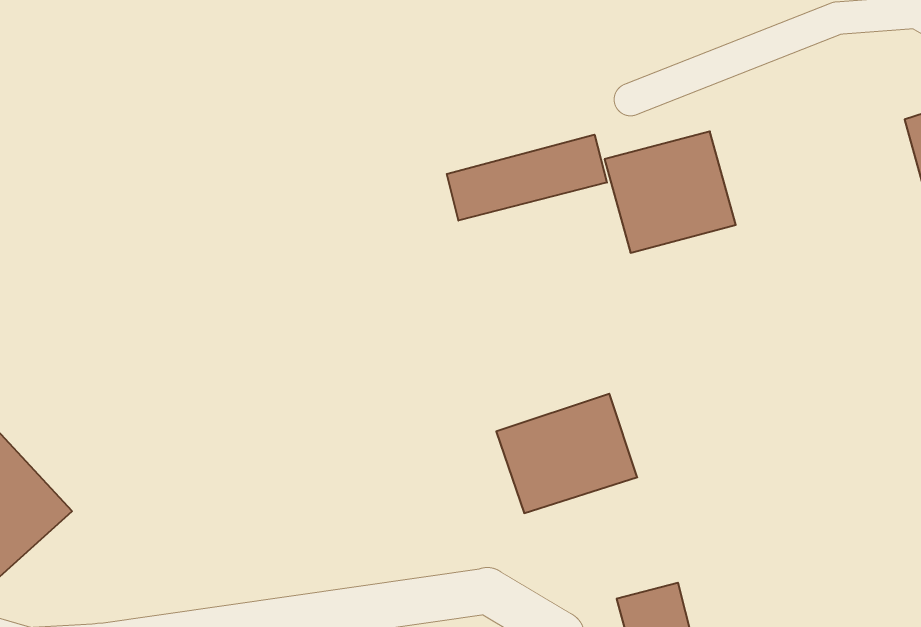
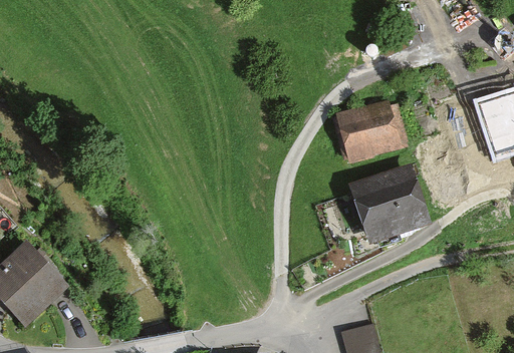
building: [447,135,607,221] -> none
building: [496,394,637,513] -> [355,171,427,232]

